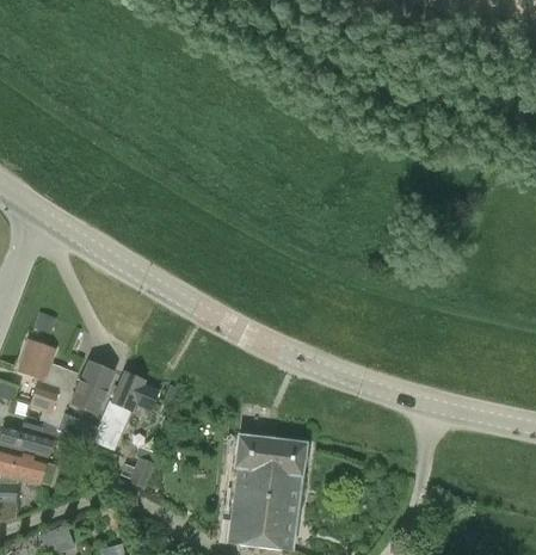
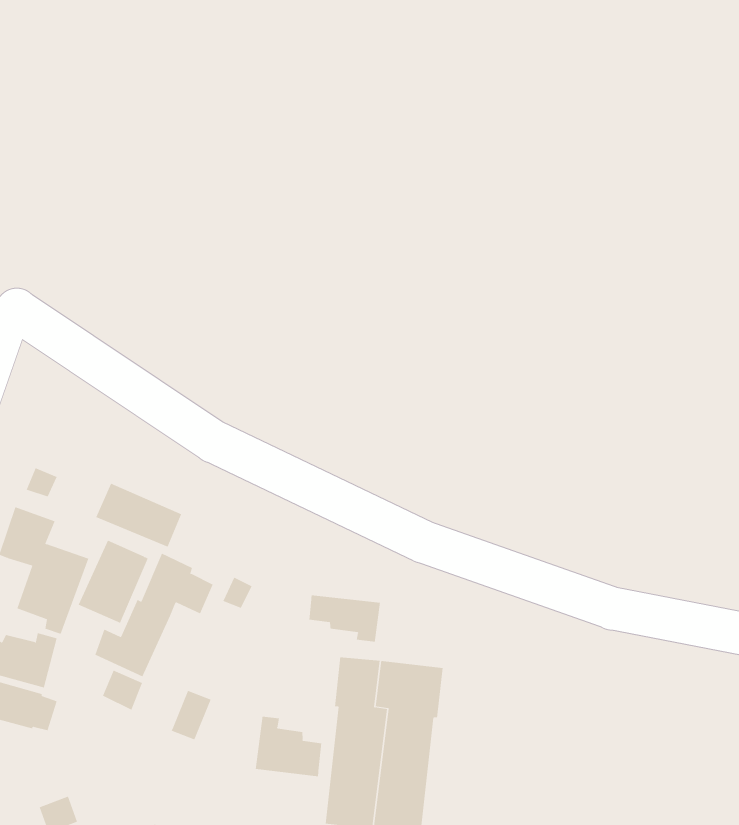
building: none -> [96,483,182,548]
building: none -> [309,594,380,642]
building: none -> [255,716,322,777]

